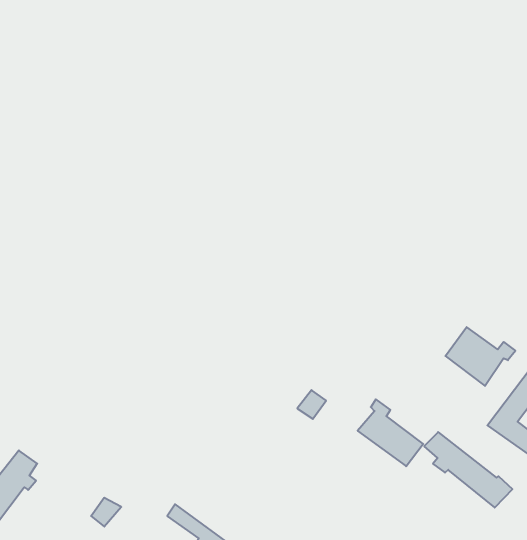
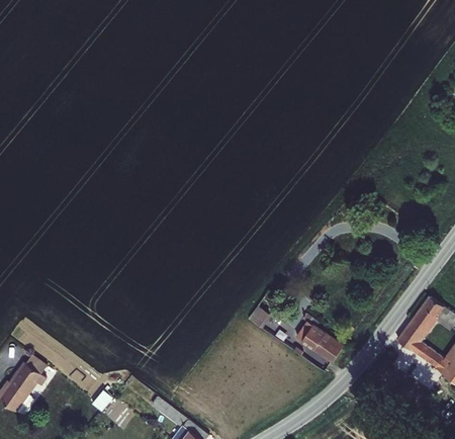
building: [445,327,515,386] -> none
building: [424,432,512,508] -> none

